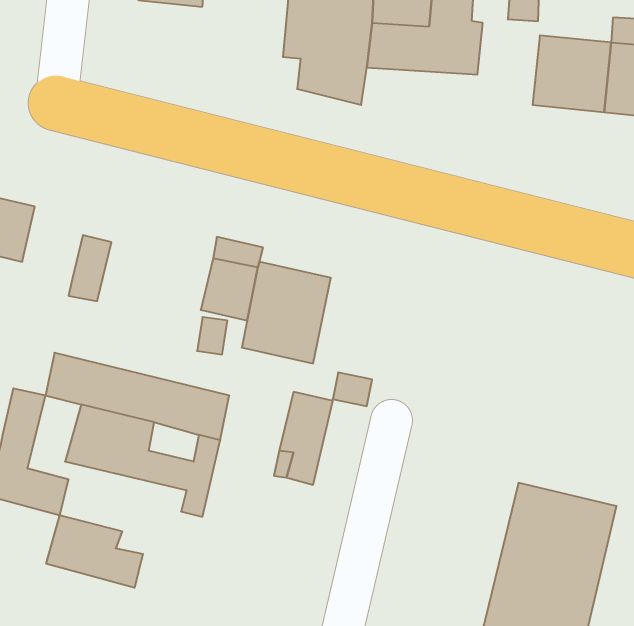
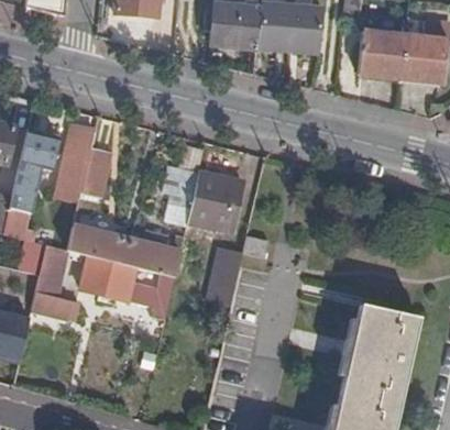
building: none -> [56,124,92,180]
building: [46,515,143,588] -> none

